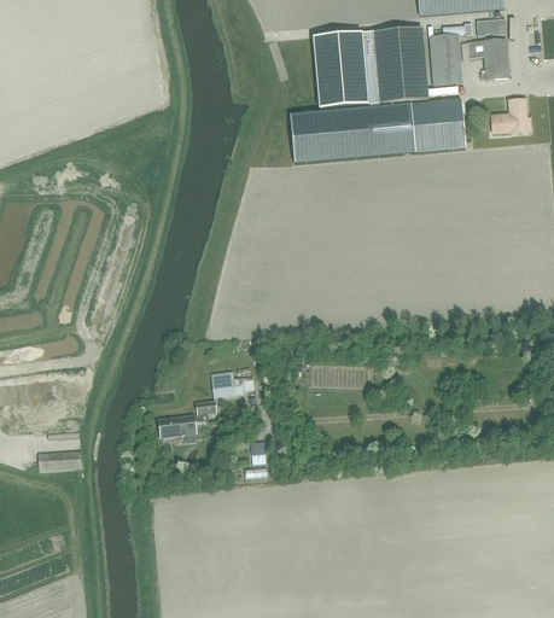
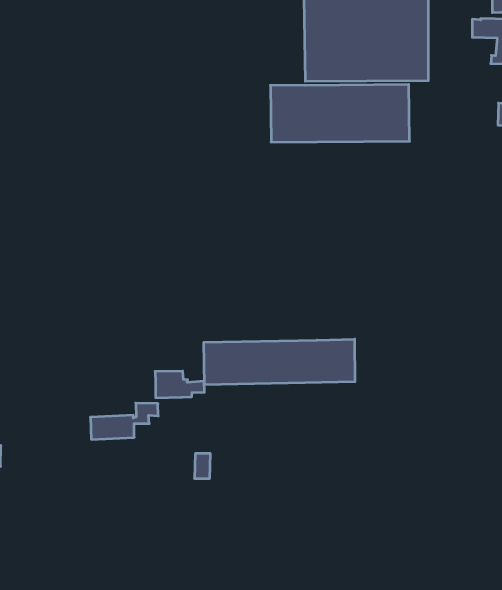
building: [428,34,463,84] -> none
building: [410,98,465,152] -> none
building: none -> [204,339,355,385]

